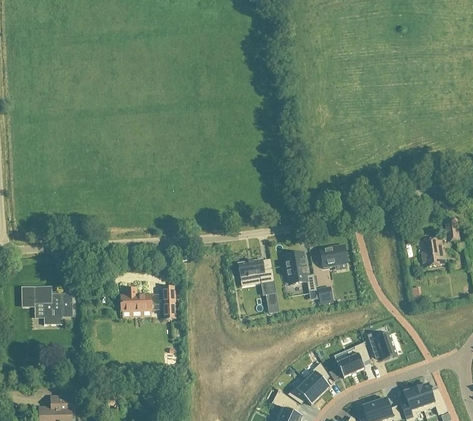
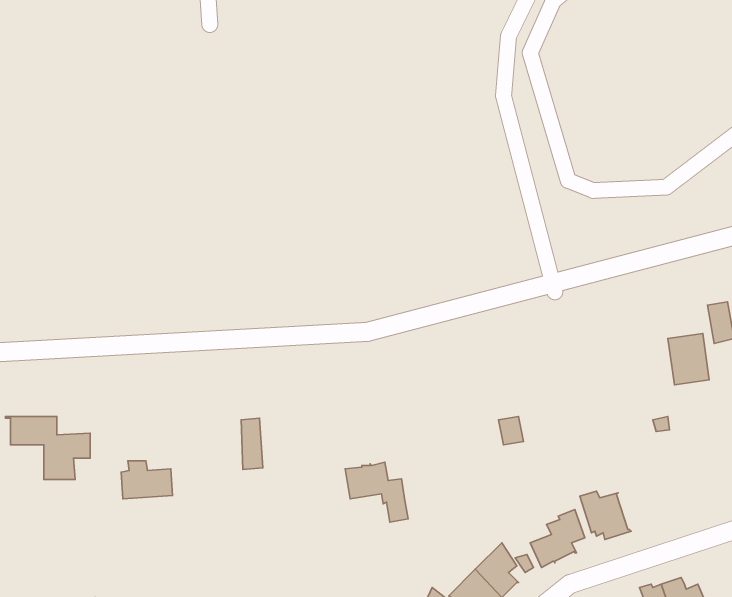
building: [319,245,346,268] -> none
building: [284,253,315,291] -> none
building: [237,259,275,295] -> [345,462,408,522]
building: [120,289,151,312] -> [121,461,172,499]

